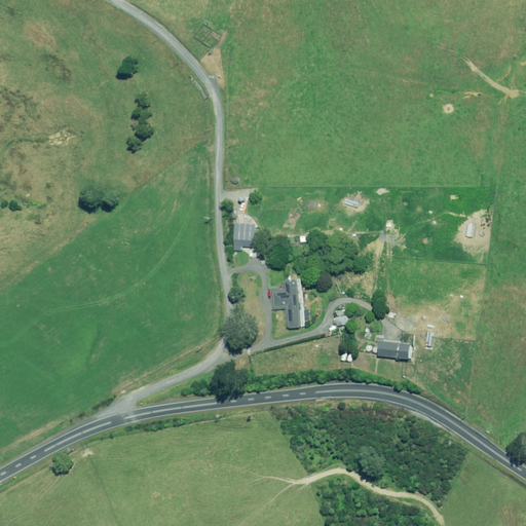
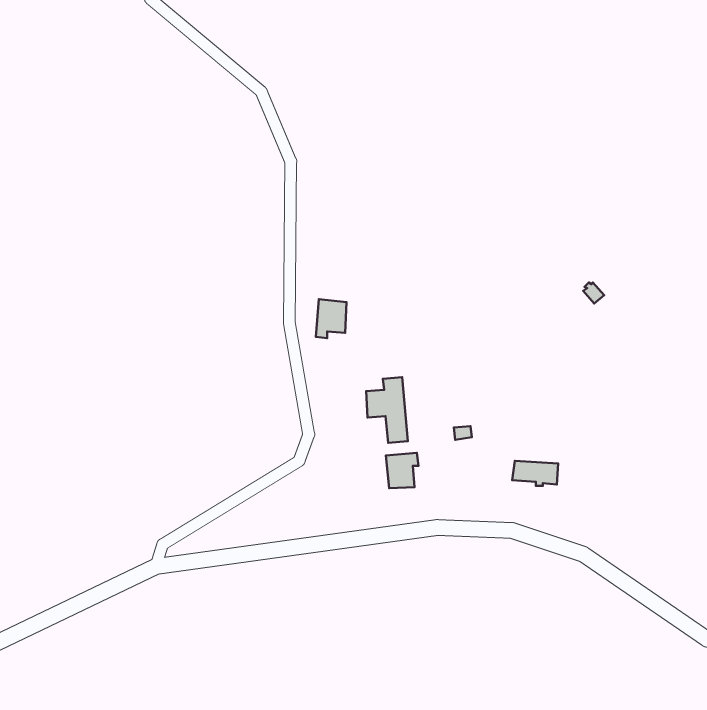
building: none -> [386,453,418,488]

